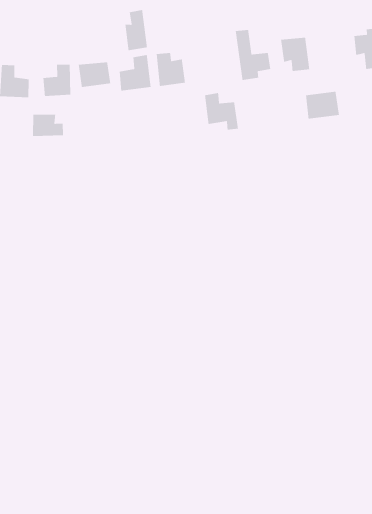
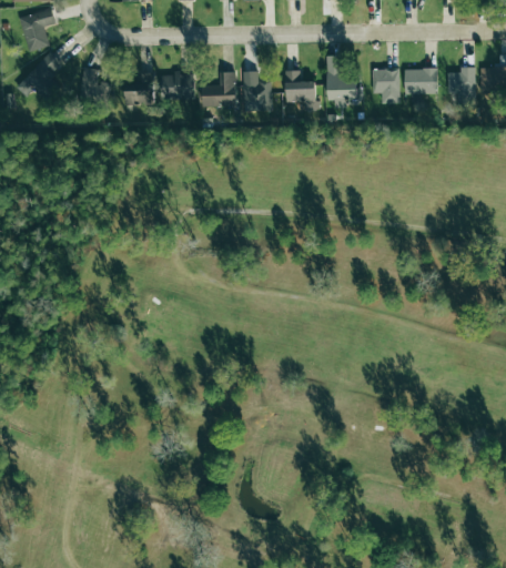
building: [125,9,148,51] -> none
building: [305,91,340,120] -> [404,68,437,94]
building: [204,92,239,130] -> [284,70,316,110]
building: [32,114,64,137] -> none

